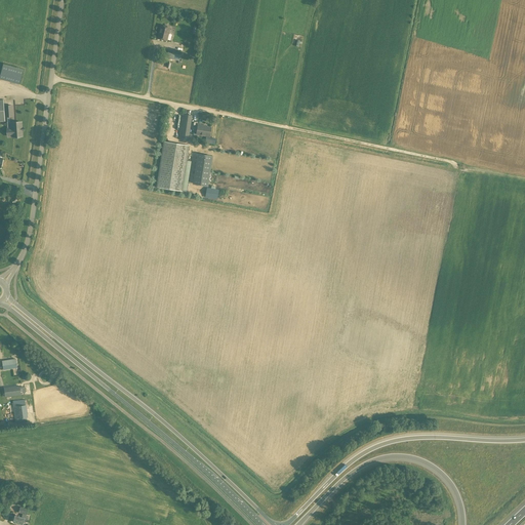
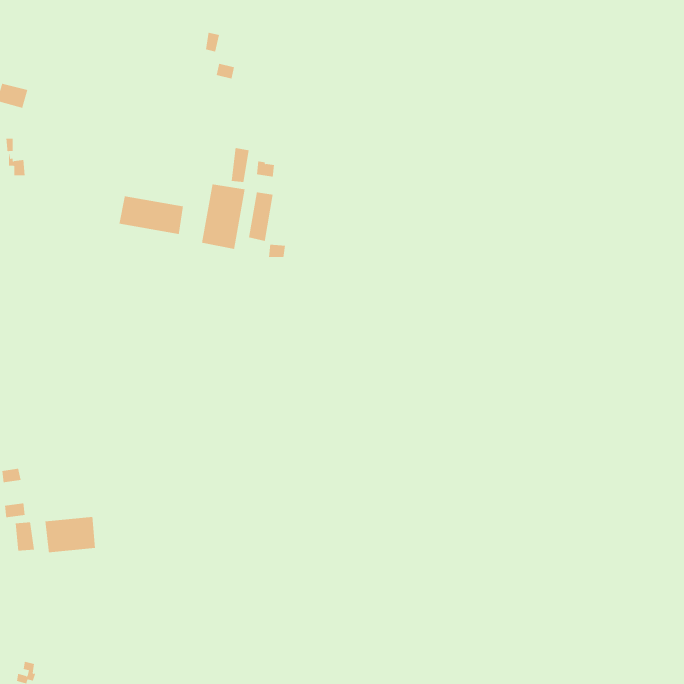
building: none -> [119,196,184,235]
building: none -> [45,516,96,553]

